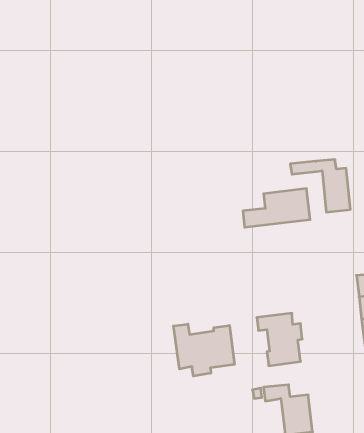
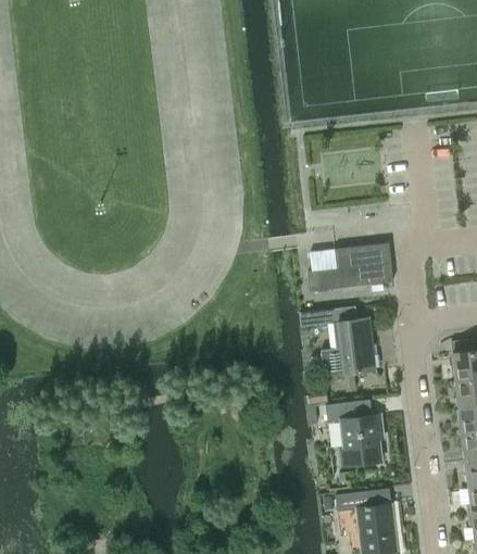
building: [290,160,350,212] -> [299,307,375,374]
building: [173,324,234,376] -> none

